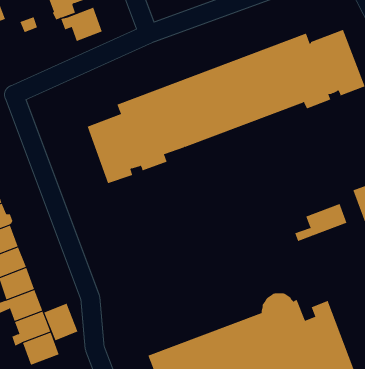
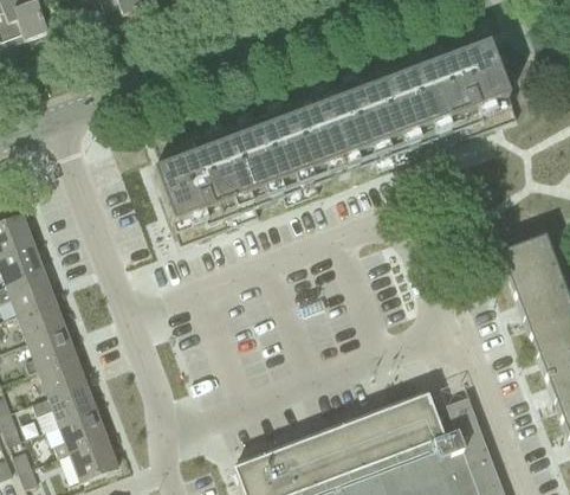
building: [60,7,103,42] -> none
building: [294,203,347,242] -> none
building: [44,303,78,341] -> none

